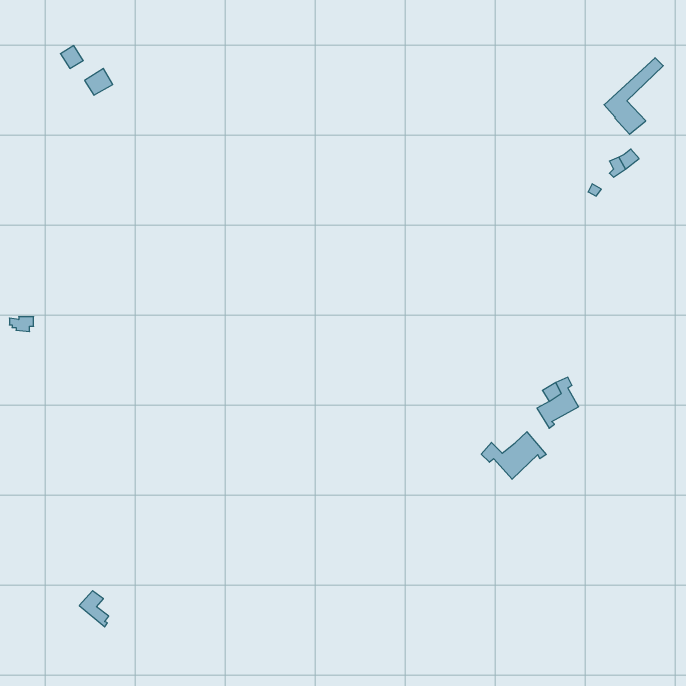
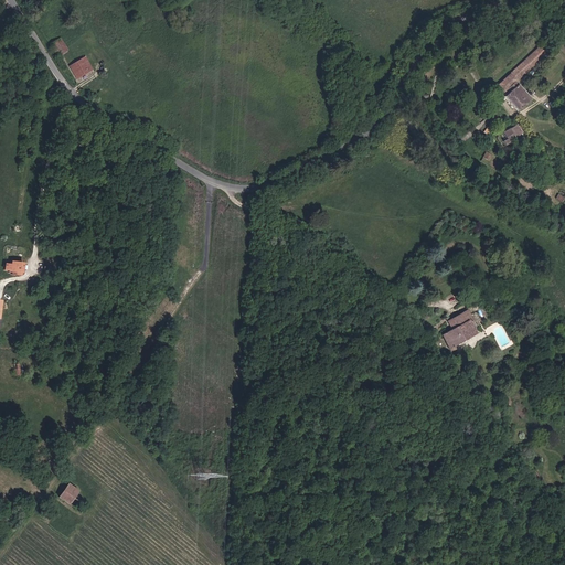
building: [481,432,546,479] -> none

